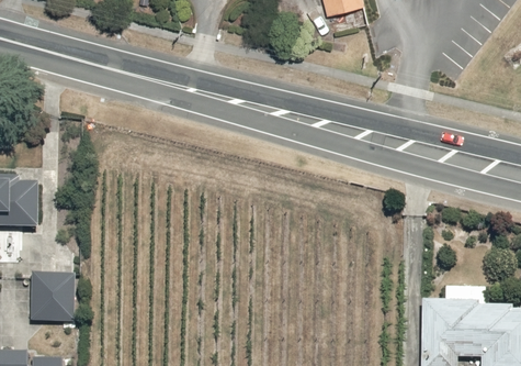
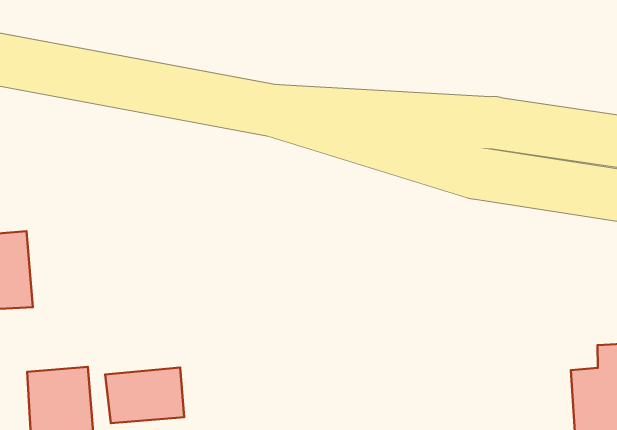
building: none -> [105,367,184,423]

